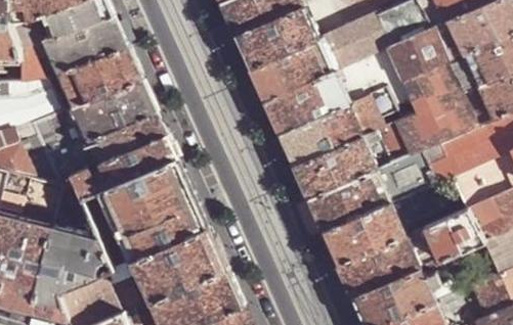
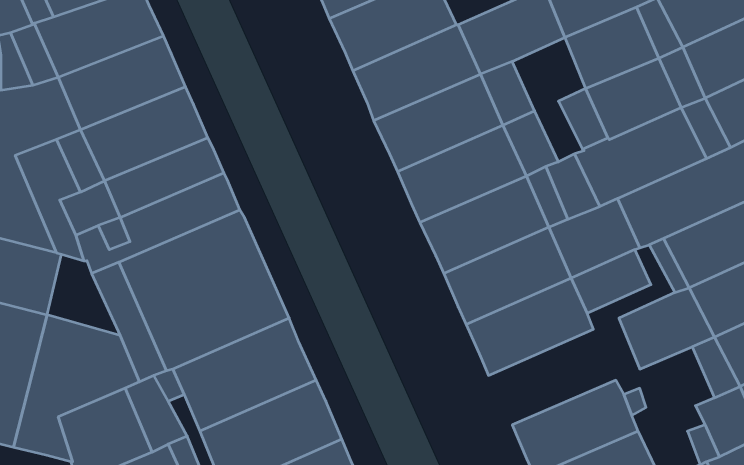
building: [351,49,398,96] -> none
building: [52,188,99,240] -> none
building: [336,236,418,297] -> none

